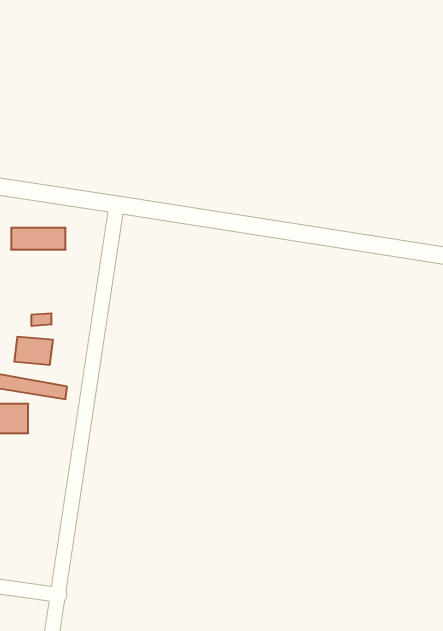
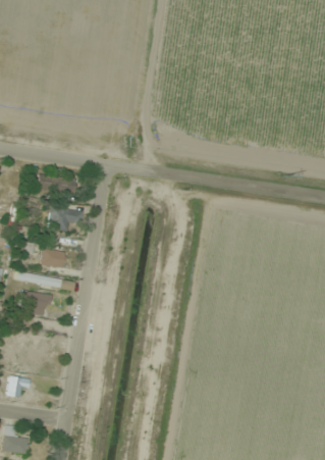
building: none -> [50,206,85,232]

